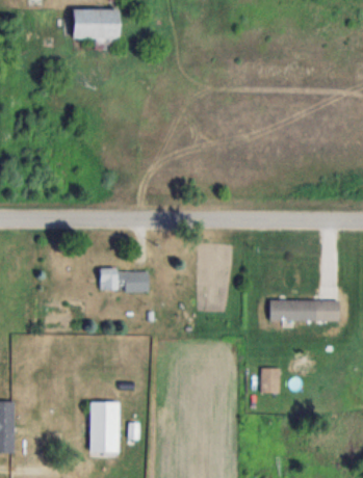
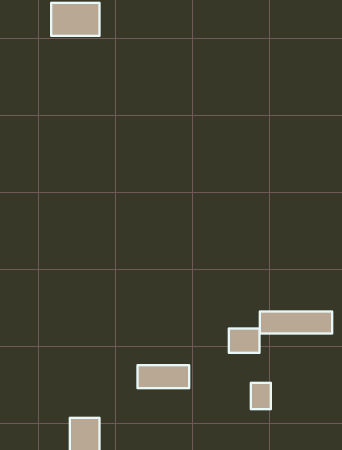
building: [100,270,149,292] -> [138,365,189,388]
building: none -> [229,328,259,353]

